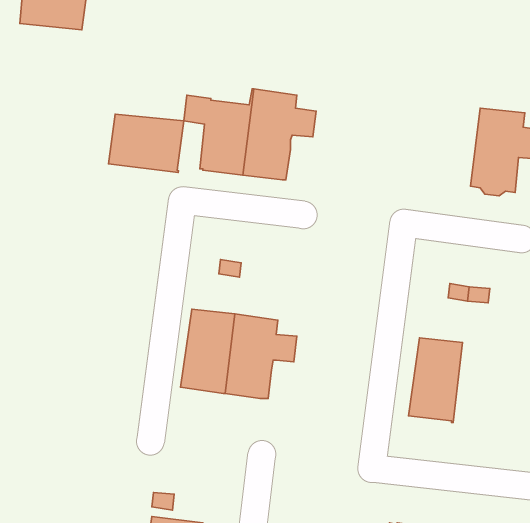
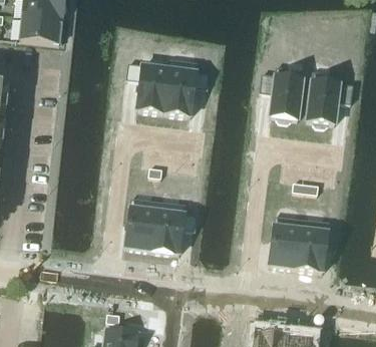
building: none -> [20,18,62,44]
building: none -> [260,66,304,122]
building: [109,114,184,172] -> none
building: none -> [296,219,329,272]

